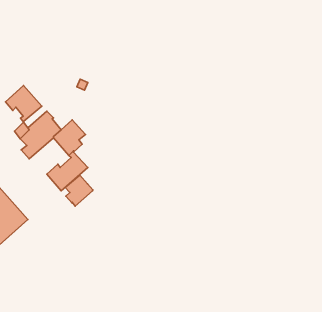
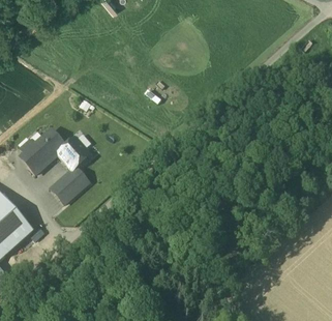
building: [5,86,42,122] -> none
building: [65,175,93,206] -> none

